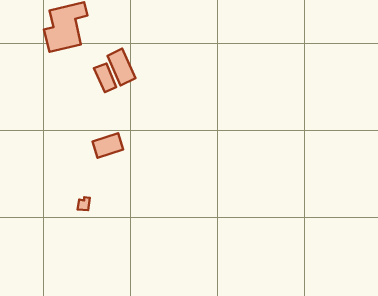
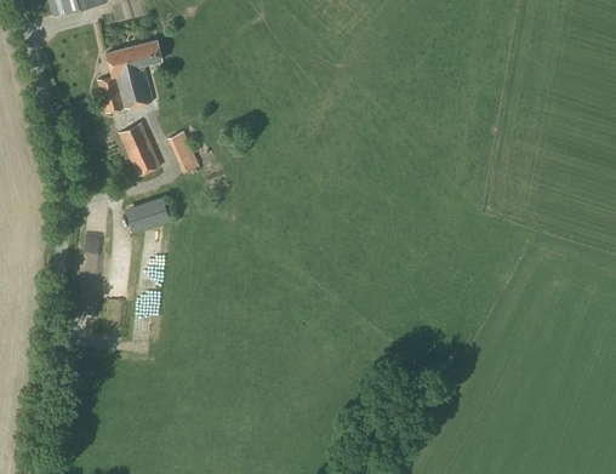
building: [107,48,135,85] -> [119,122,160,177]
building: [93,133,123,158] -> [125,196,170,233]

